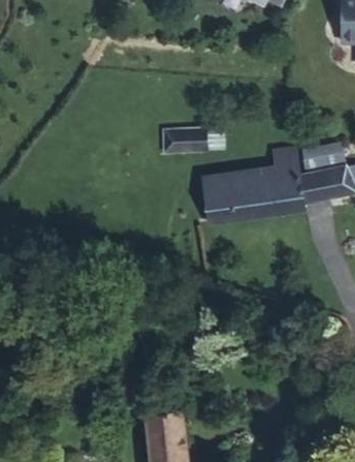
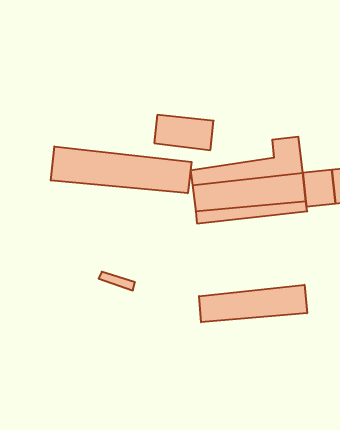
building: none -> [51,146,192,193]
building: none -> [199,285,307,322]

